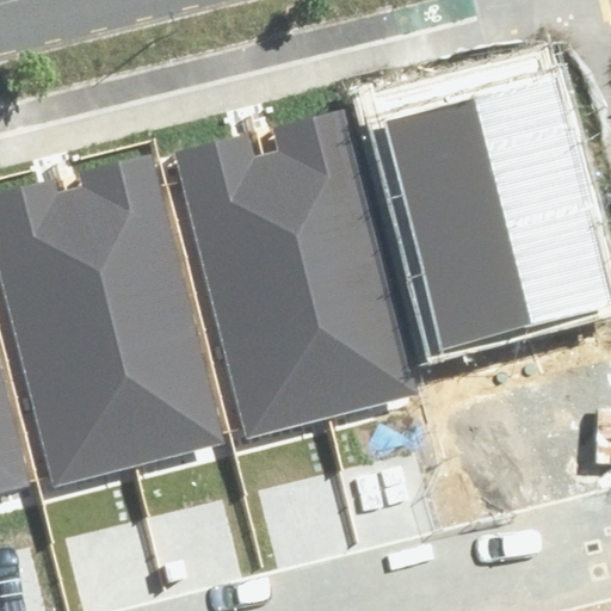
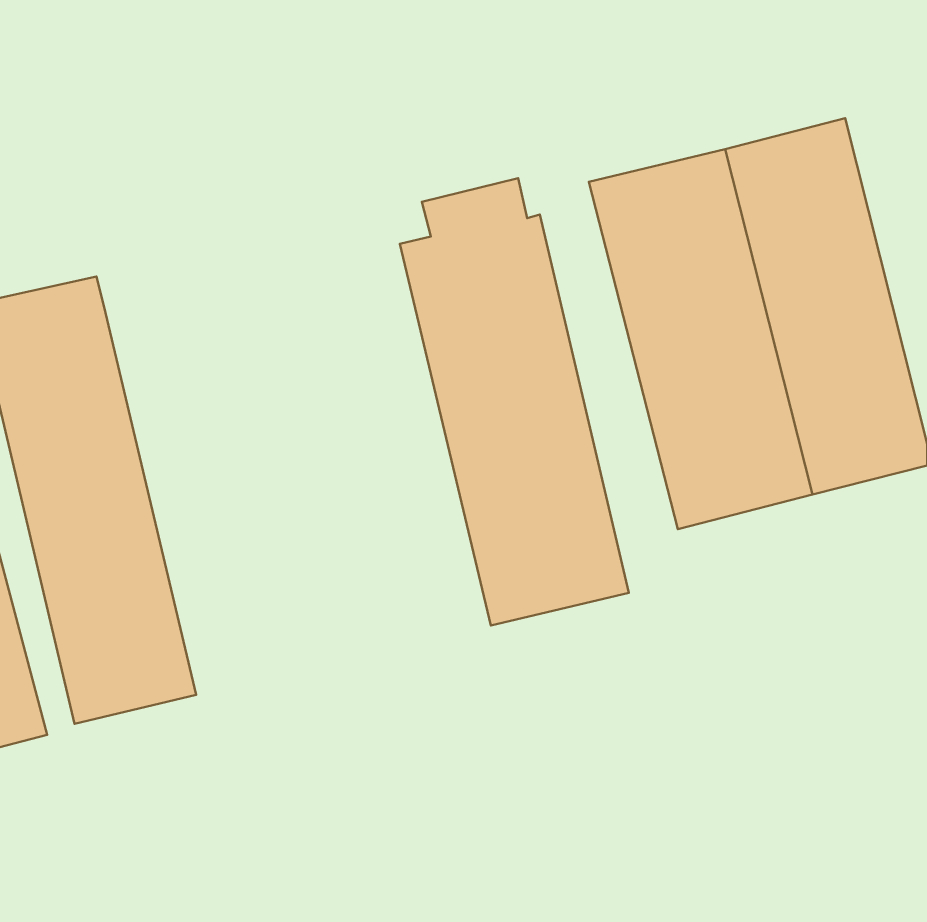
building: [177,140,322,433] -> none
building: [69,168,220,461] -> none

